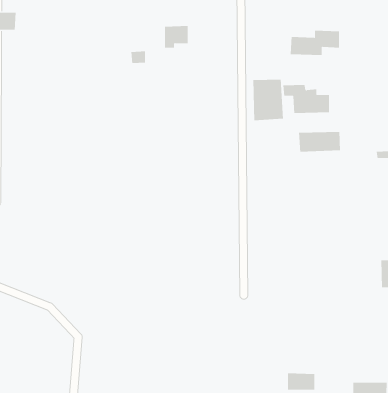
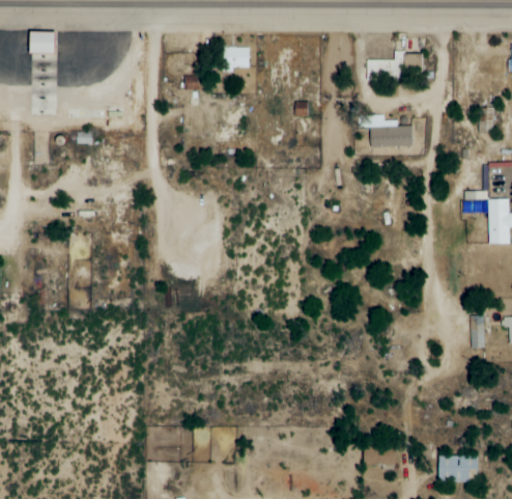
building: [253,79,283,121] -> none
building: [298,131,340,152] -> none

